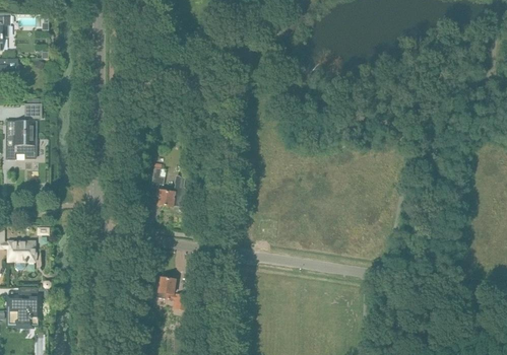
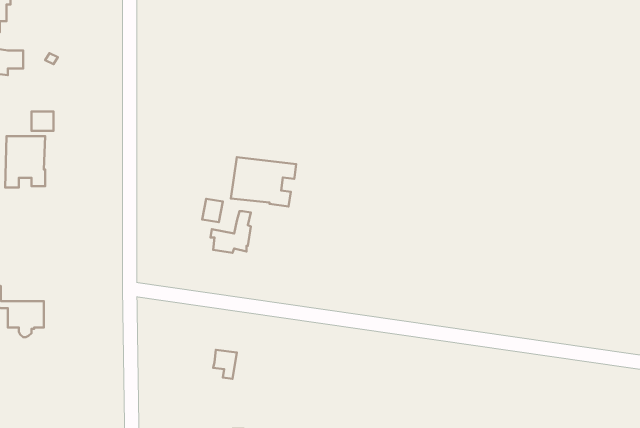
building: none -> [231,157,296,207]
building: [8,288,39,326] -> none

